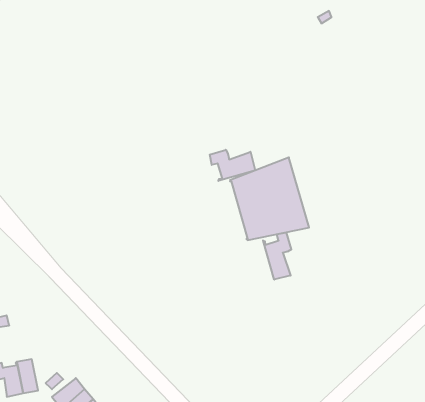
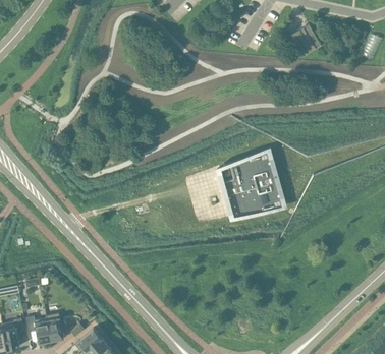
building: [210,150,255,181] -> none
building: [263,233,291,280] -> none

